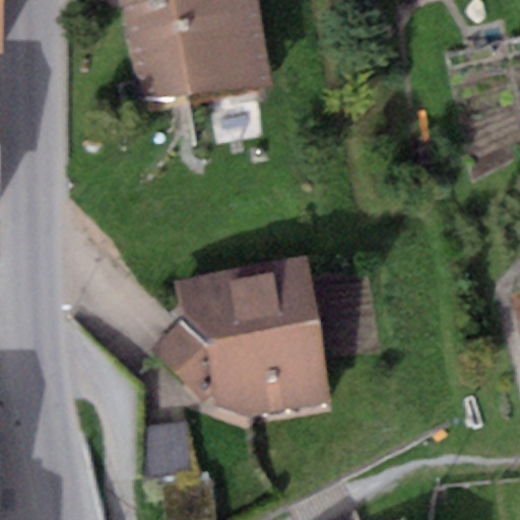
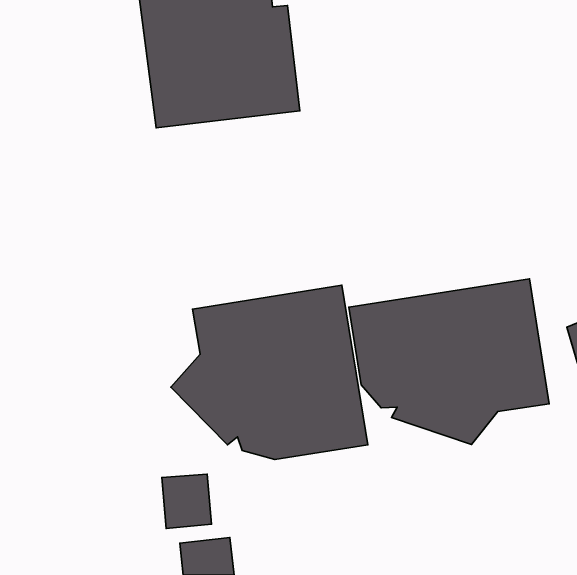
building: none -> [349,279,549,445]

